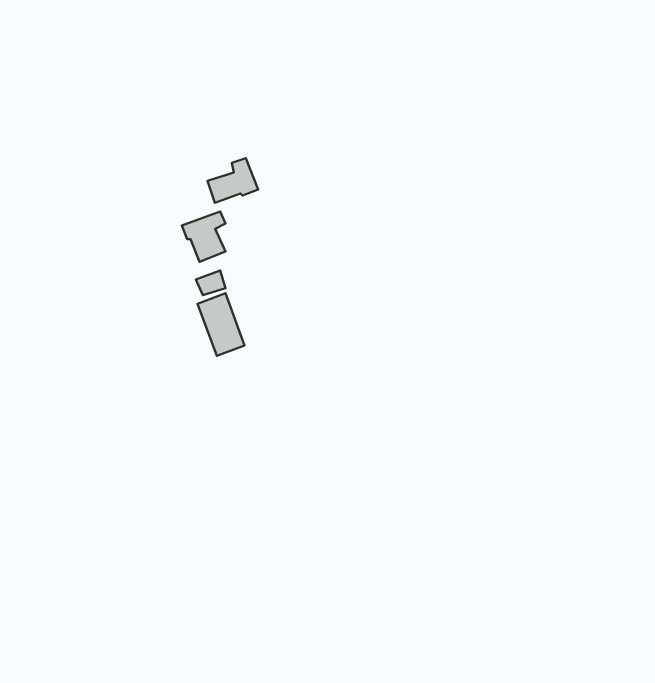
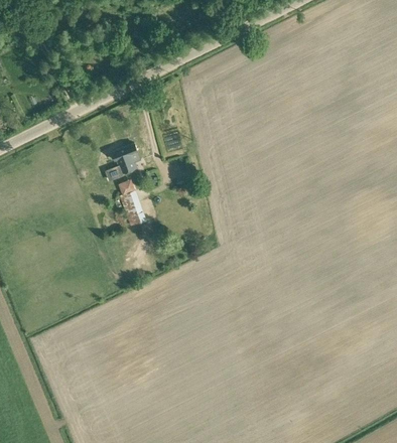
building: [207,158,258,203] -> none

